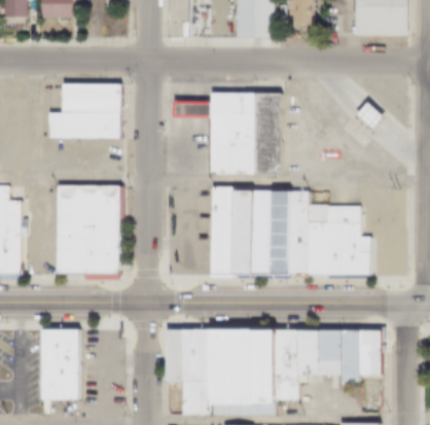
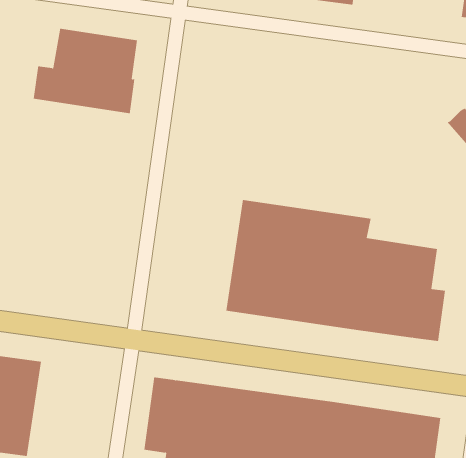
building: [174,94,281,173] -> none
building: [58,184,126,279] -> none

